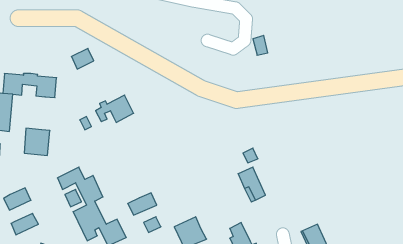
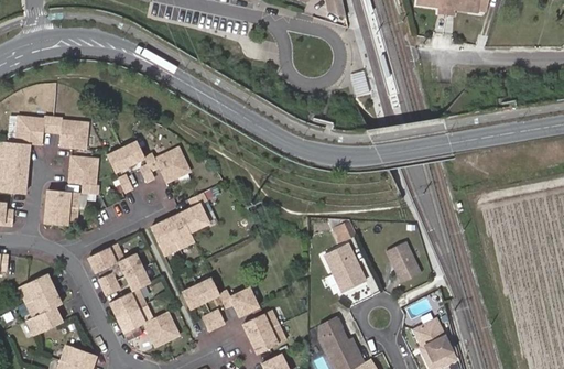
building: [71,48,94,69] -> [116,142,145,170]
building: none -> [69,159,96,196]
building: none -> [152,193,209,256]
building: none -> [386,241,420,282]
building: none -> [25,287,61,316]
building: none -> [221,287,260,316]

